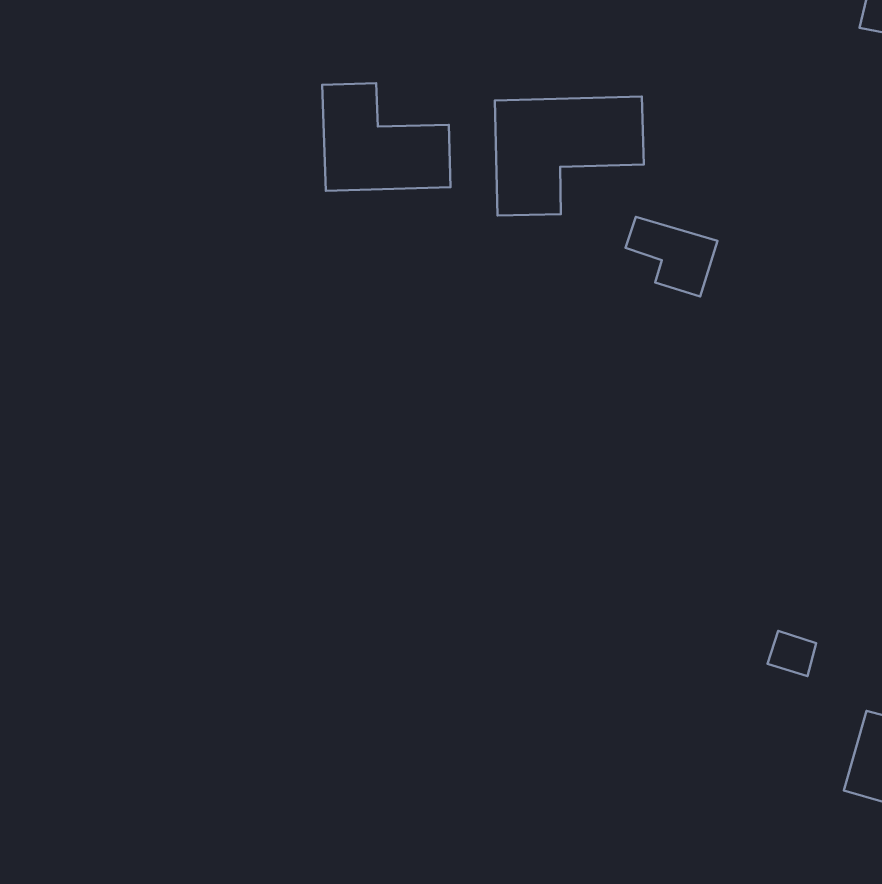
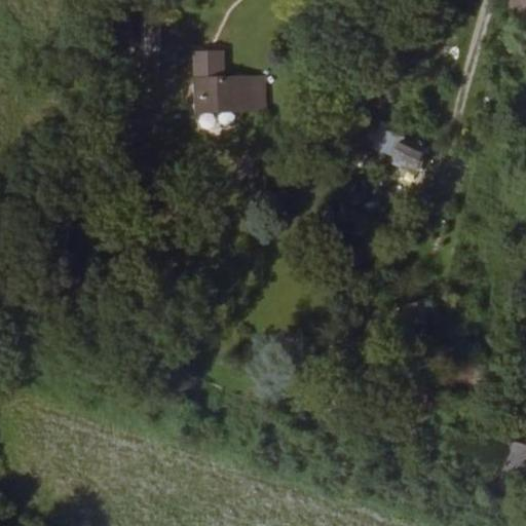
building: [495,96,644,216] -> none

